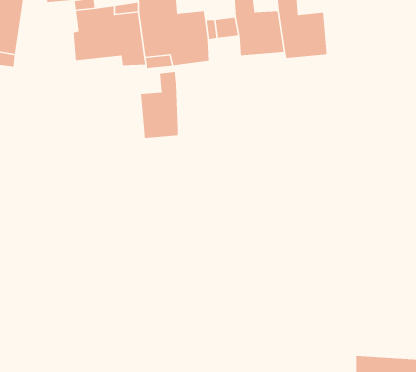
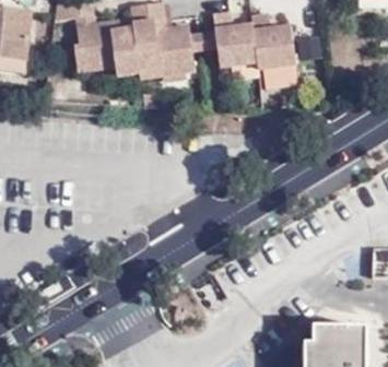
building: [140,71,179,139] -> none

